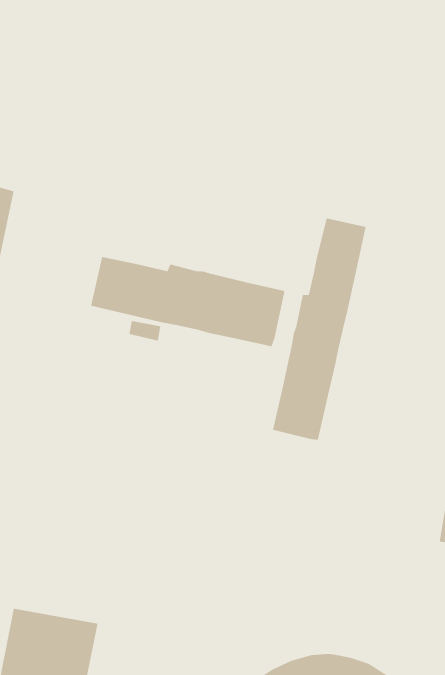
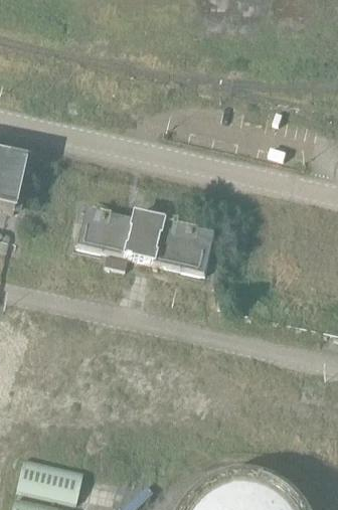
building: [272,218,367,440] -> none

